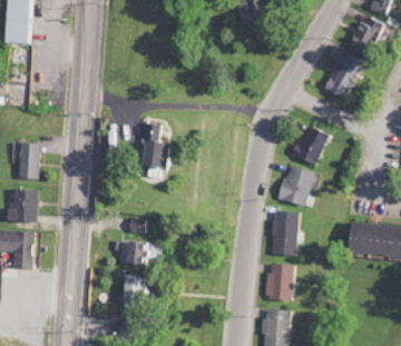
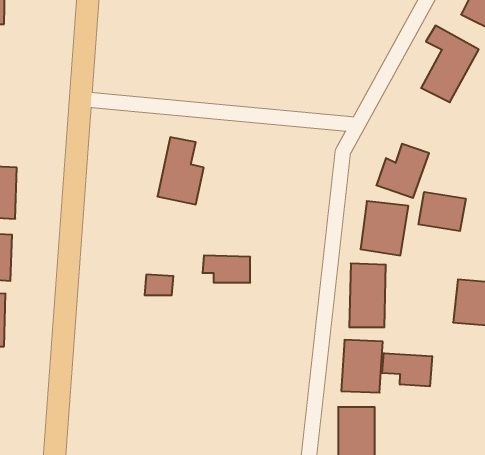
building: none -> [418,192,466,231]
building: [115,241,148,260] -> [202,255,250,283]
building: none -> [382,353,432,386]
building: [120,278,146,303] -> none

